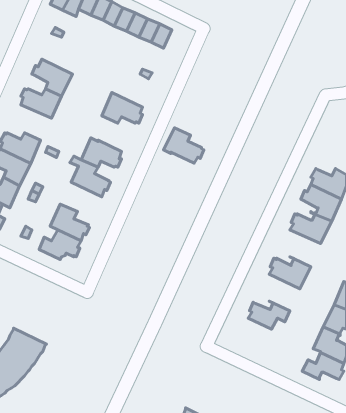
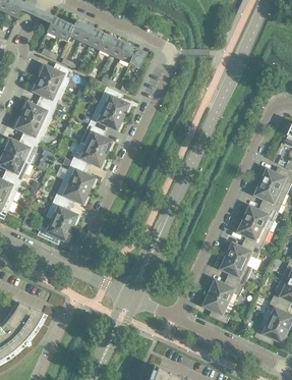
building: none -> [39,63,72,89]
building: none -> [97,86,130,116]
building: none -> [13,114,47,144]
building: [163,128,204,163] -> [79,123,113,153]
building: none -> [54,178,89,204]
building: none -> [236,218,270,249]
building: none -> [219,255,252,285]
building: none -> [202,291,231,322]

